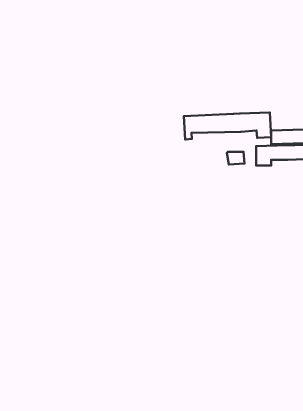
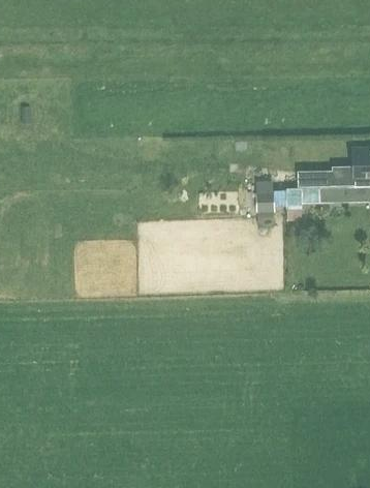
building: [184,113,271,139] -> none

